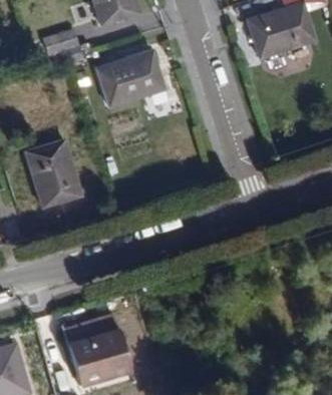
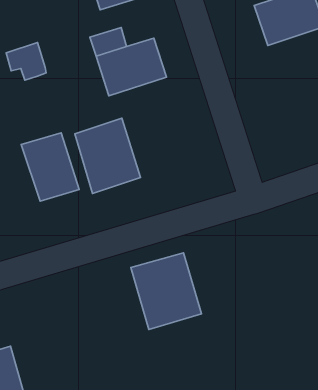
building: [44,29,82,65] -> [6,42,46,80]
building: none -> [75,118,141,194]
building: [61,305,128,378] -> [131,253,201,330]

